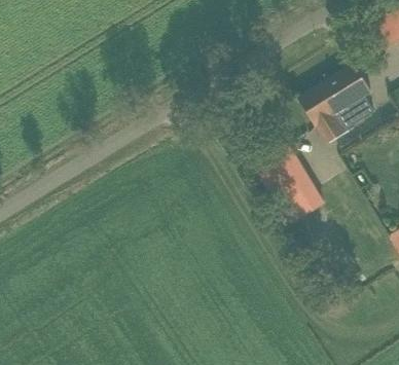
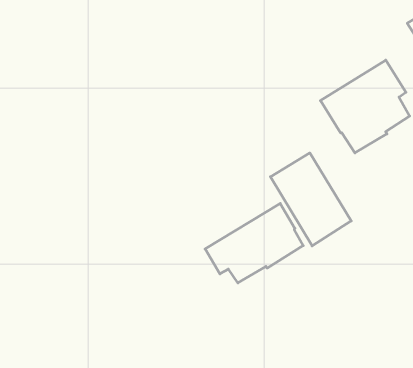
building: none -> [205,203,303,283]

